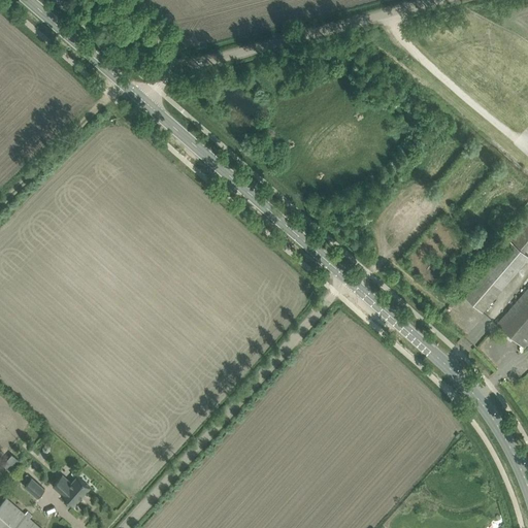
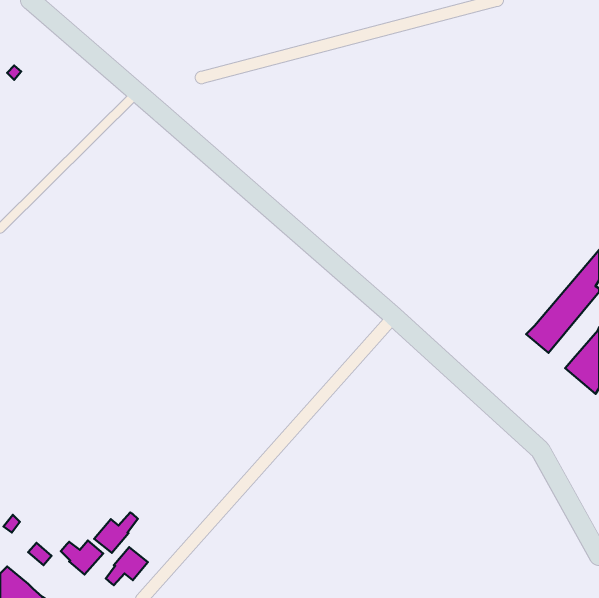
building: none -> [94,513,138,553]
building: none -> [106,547,148,585]

